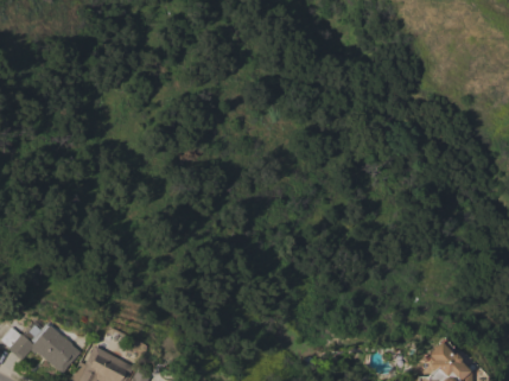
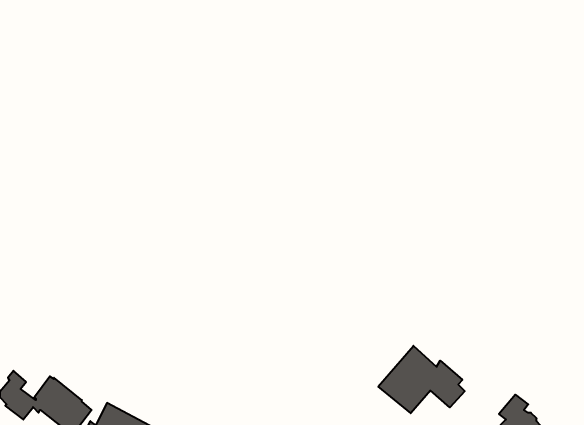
building: none -> [378,346,465,413]

